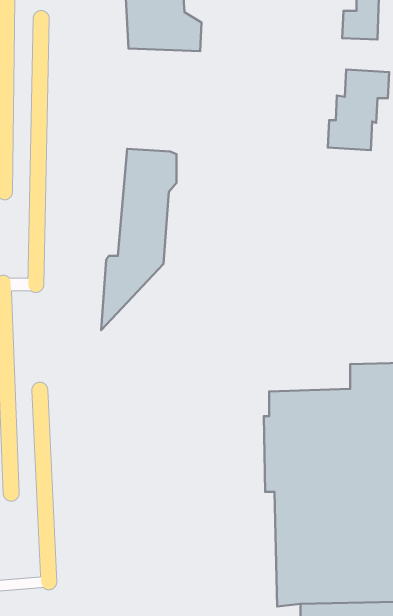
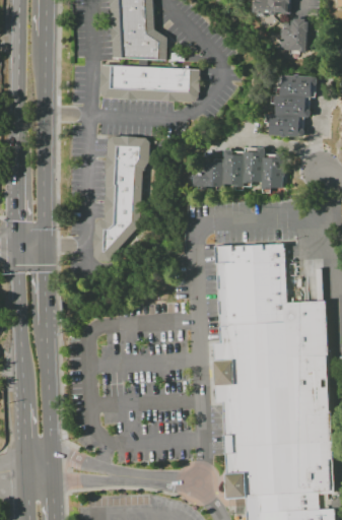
building: none -> [101,64,201,101]
building: none -> [193,148,282,189]
building: none -> [220,247,285,325]

